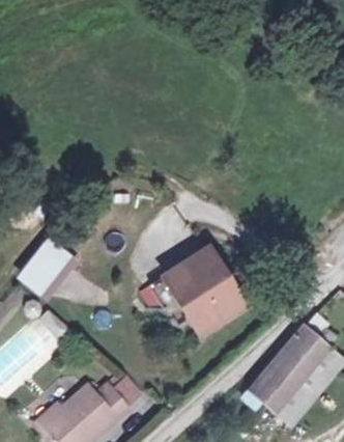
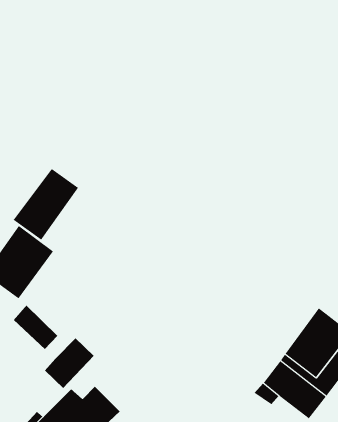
building: none -> [13,168,79,240]
building: [163,253,236,332] -> none
building: none -> [44,338,95,389]

